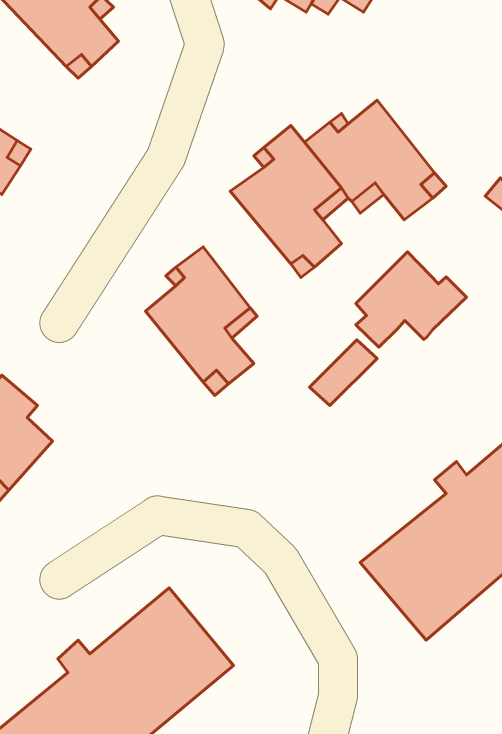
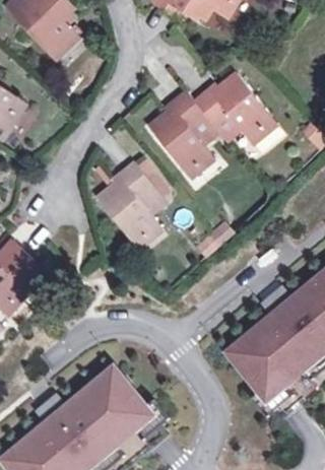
building: [356,252,466,347] -> none

